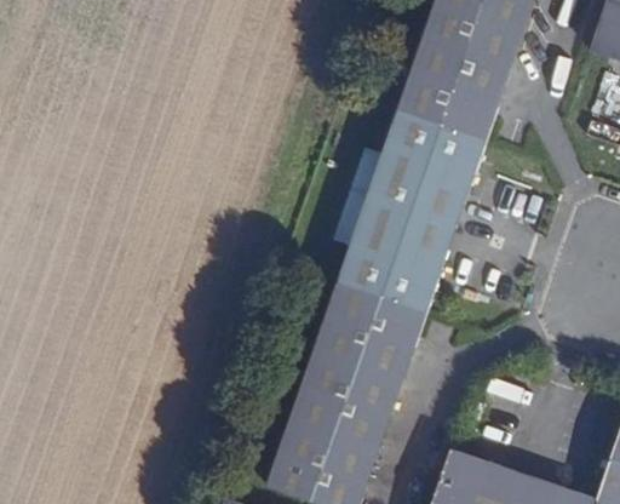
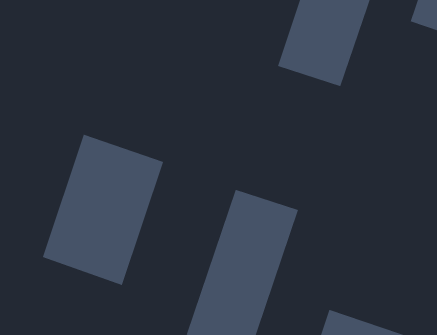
building: [334,109,483,311] -> none
building: none -> [42,134,164,286]

